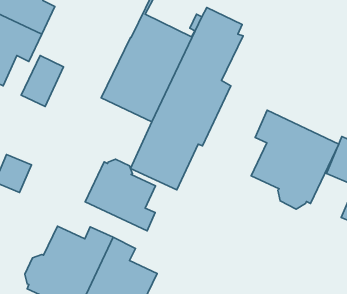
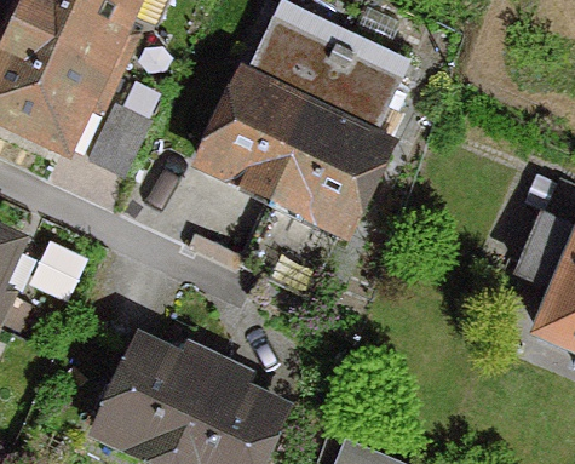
building: [251,110,339,209] -> none
building: [85,159,155,231] -> none

